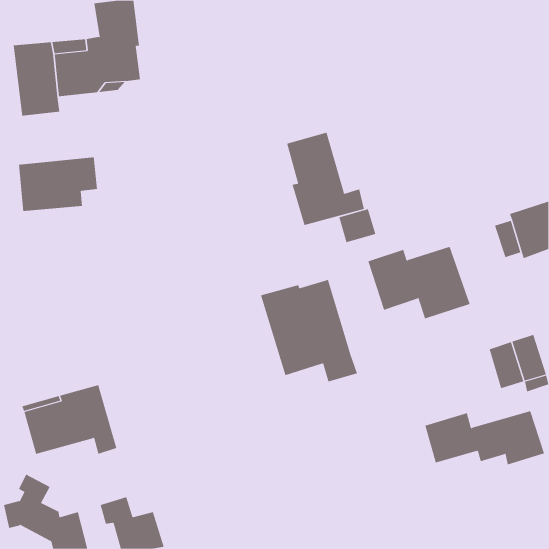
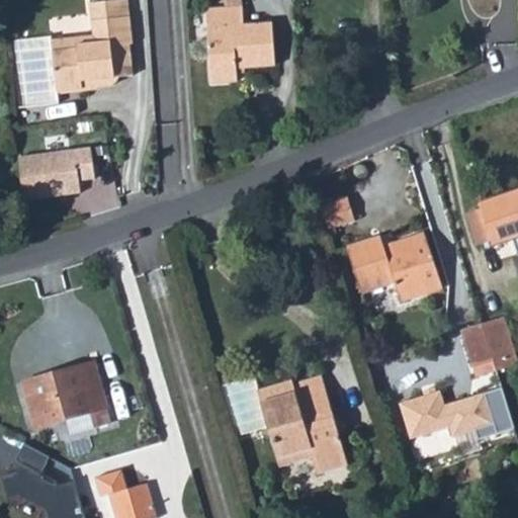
building: none -> [204,6,274,81]
building: [286,132,364,226] -> none
building: [260,279,358,382] -> [256,375,348,472]

